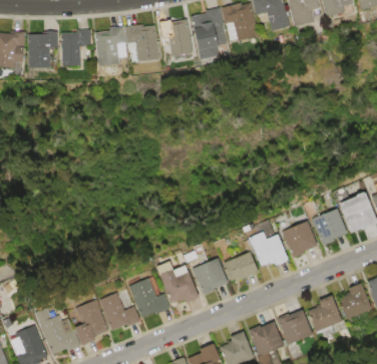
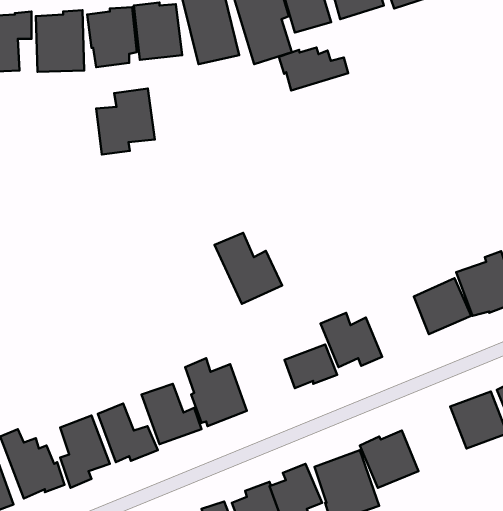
building: none -> [279,48,348,91]
building: none -> [96,88,155,154]
building: [283,222,319,259] -> none
building: [185,247,231,294] -> [215,233,282,304]
building: [305,295,337,331] -> none

